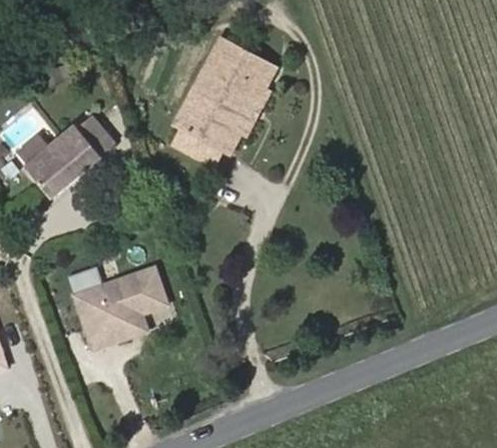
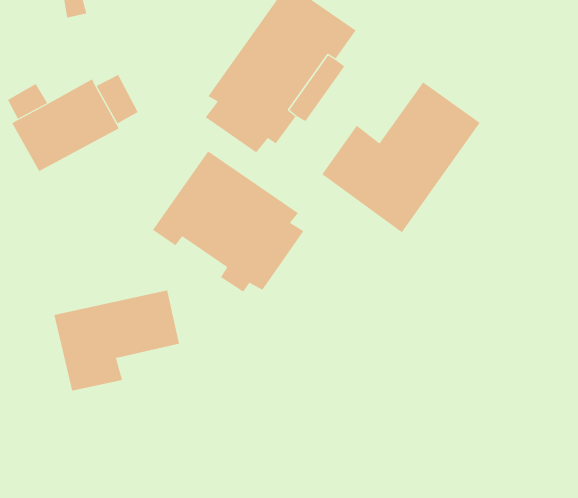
building: none -> [322,81,480,233]
building: none -> [152,151,304,292]

